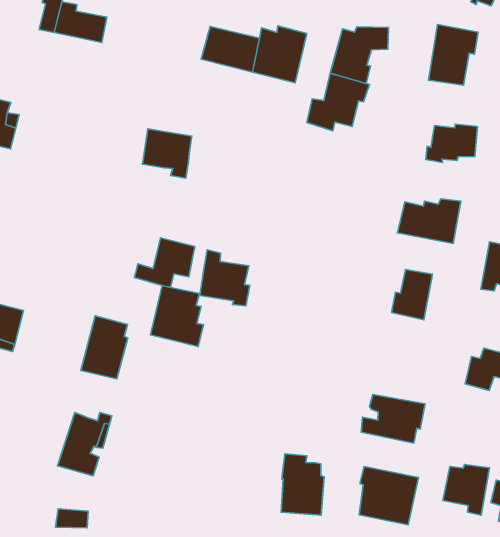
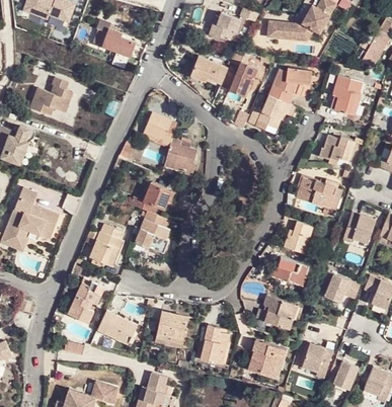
building: [200,250,250,306] -> [165,137,198,174]
building: none -> [271,255,309,284]
building: none -> [156,309,189,347]
building: none -> [98,311,137,342]

